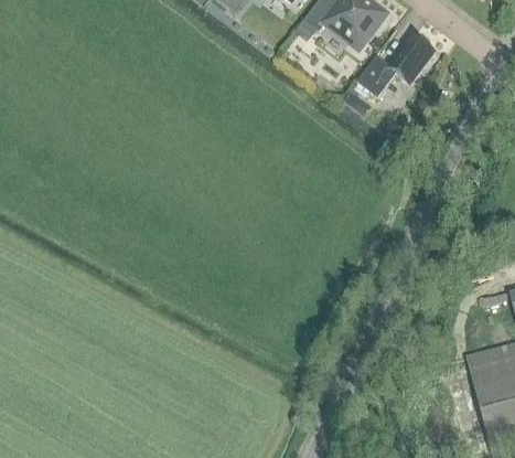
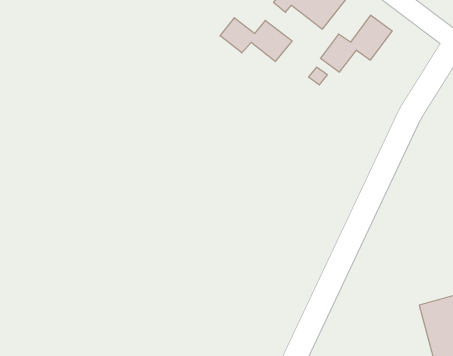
building: none -> [220,18,292,62]

